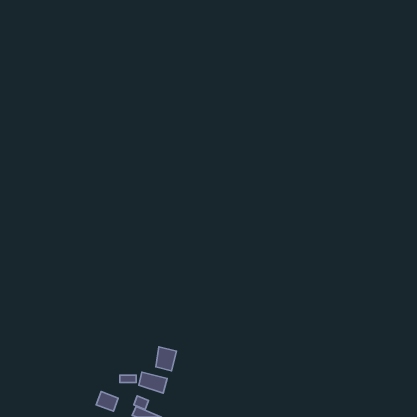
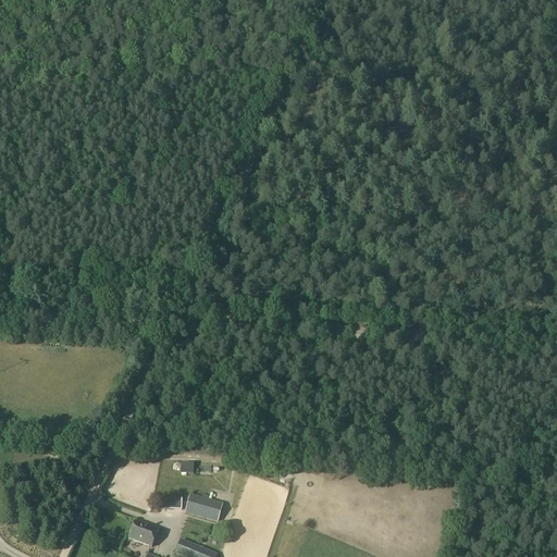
building: [156,347,176,371] -> none

